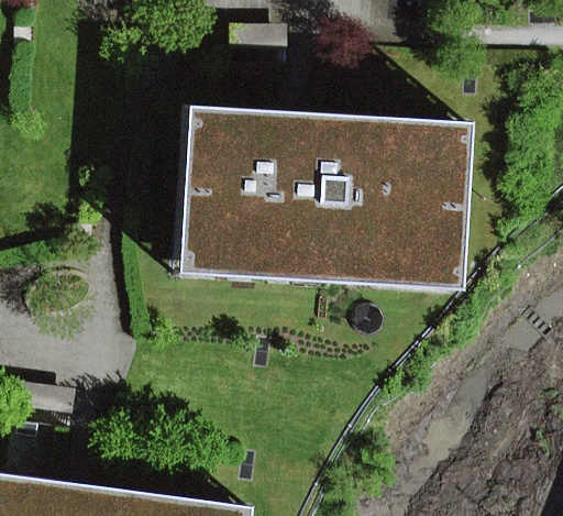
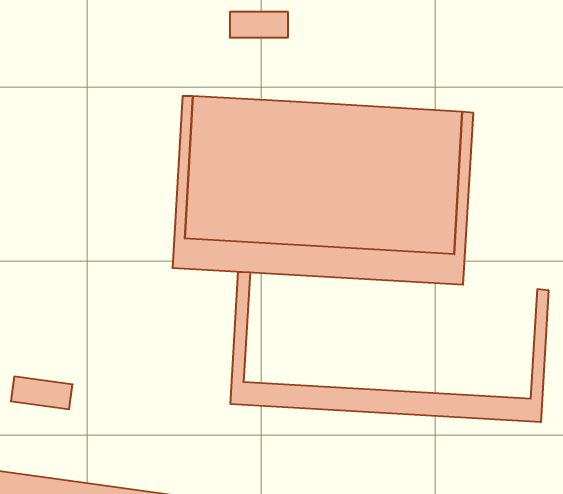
building: none -> [231,272,548,422]

